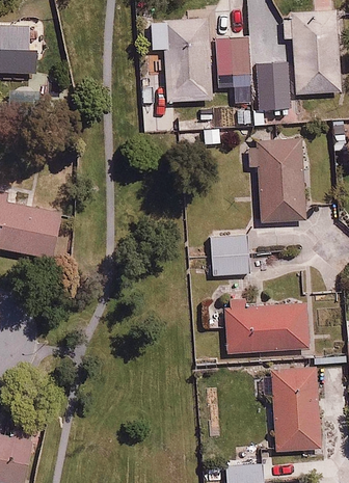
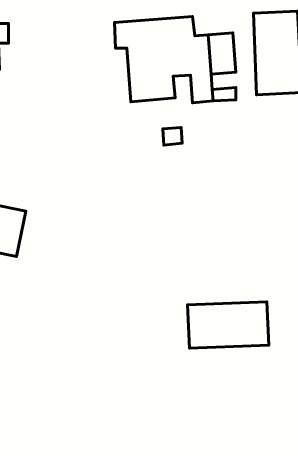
building: [257,136,305,221] -> none
building: [210,234,248,274] -> none
building: [271,369,320,450] -> none

